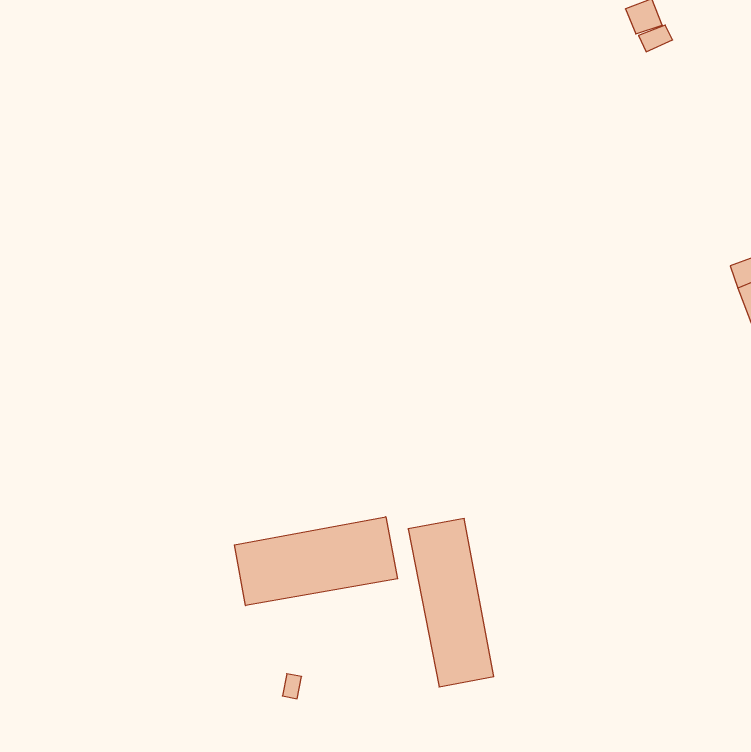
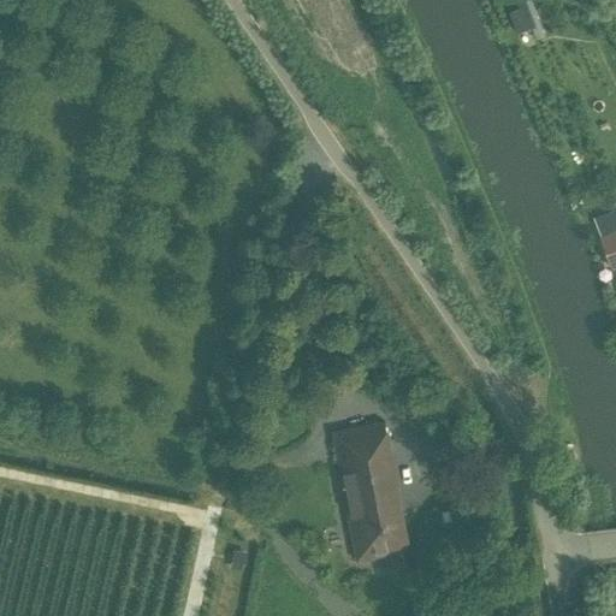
building: [234,517,398,606] -> none

